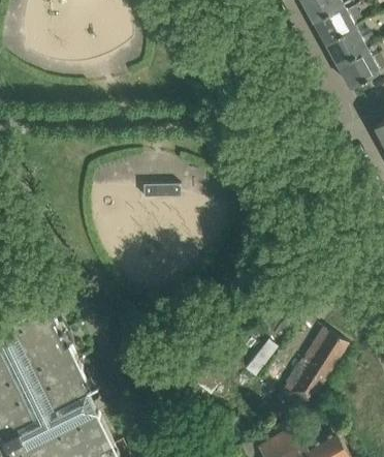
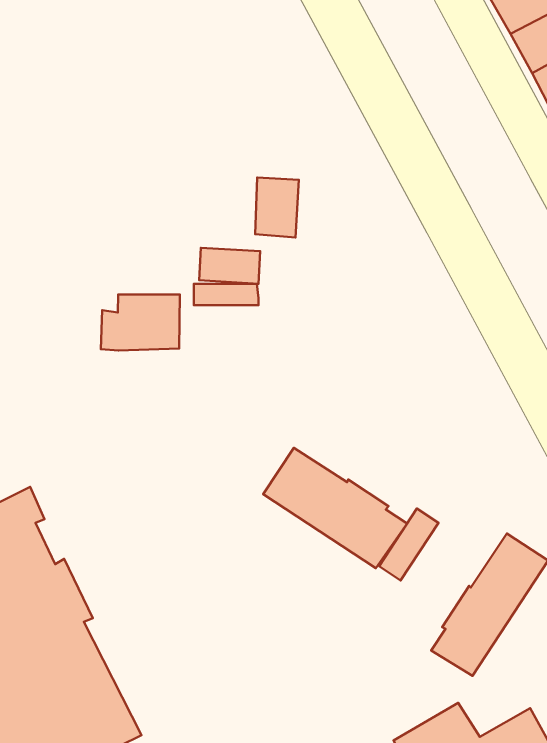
building: none -> [255,177,299,237]
building: none -> [101,294,180,350]
building: none -> [263,448,407,568]

